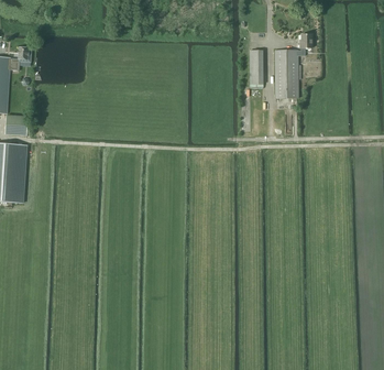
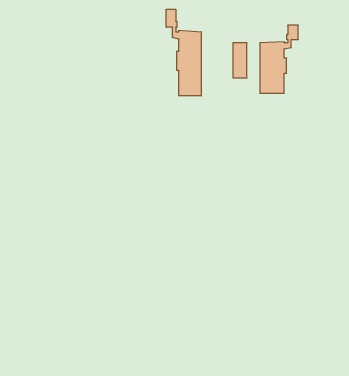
building: none -> [166,9,201,96]

